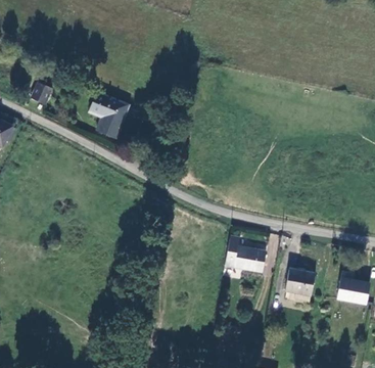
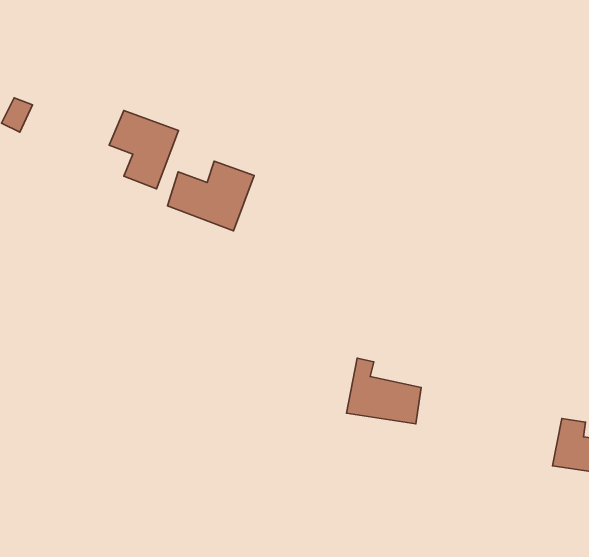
building: none -> [167,161,254,231]
building: [285,267,315,296] -> none

